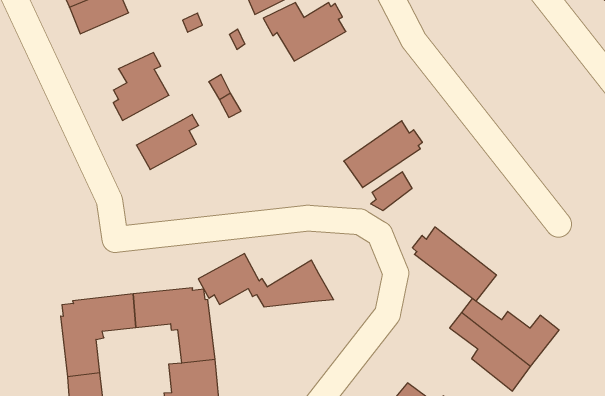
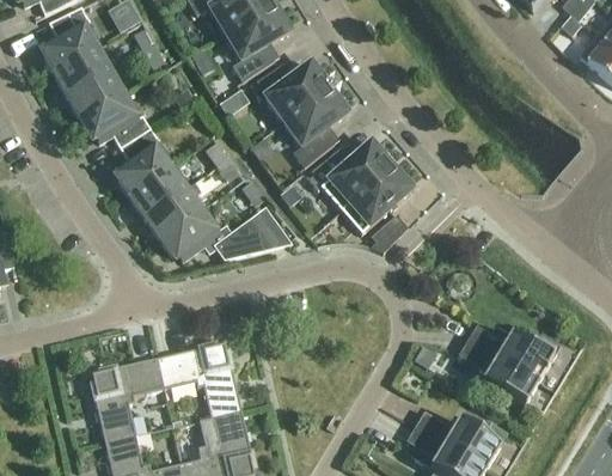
building: none -> [80,93,151,147]
building: none -> [283,87,348,166]
building: none -> [305,142,391,209]
building: none -> [129,166,185,216]
building: [412,227,496,301] -> none
building: [198,254,334,307] -> [160,208,289,260]

